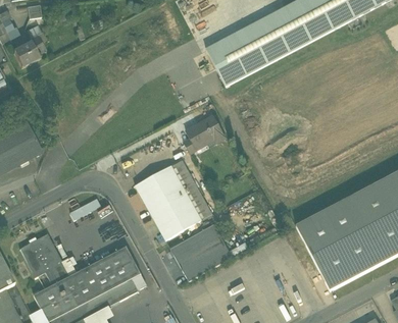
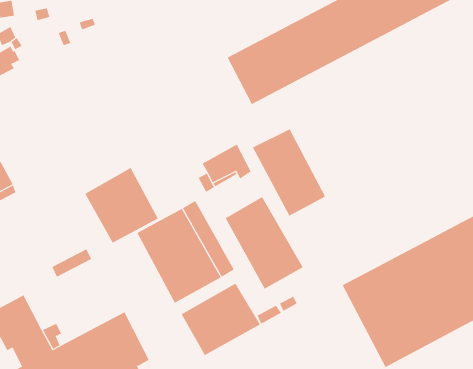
building: none -> [252,129,326,216]
building: none -> [85,167,158,244]
building: none -> [225,196,304,289]

